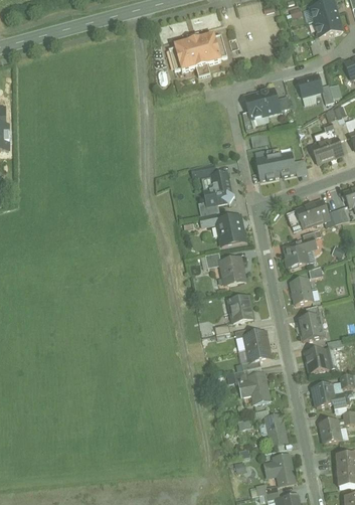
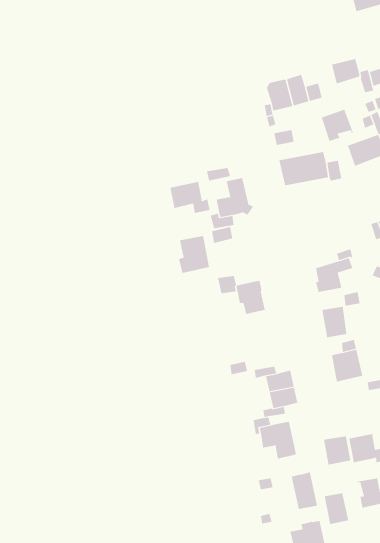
building: [168,35,227,77] -> none
building: none -> [321,109,353,142]
building: none -> [170,181,210,214]
building: [287,199,329,228] -> none
building: [218,214,244,245] -> [178,235,210,273]
building: [228,295,252,323] -> none
building: [305,348,328,372] -> [323,436,351,465]
building: none -> [324,492,349,525]

